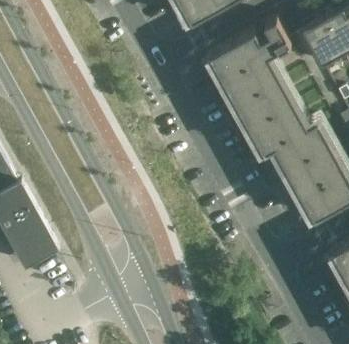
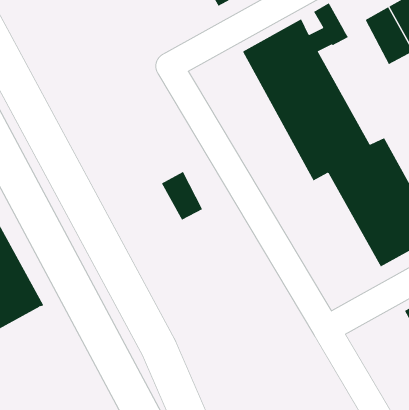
building: none -> [161,171,203,221]

